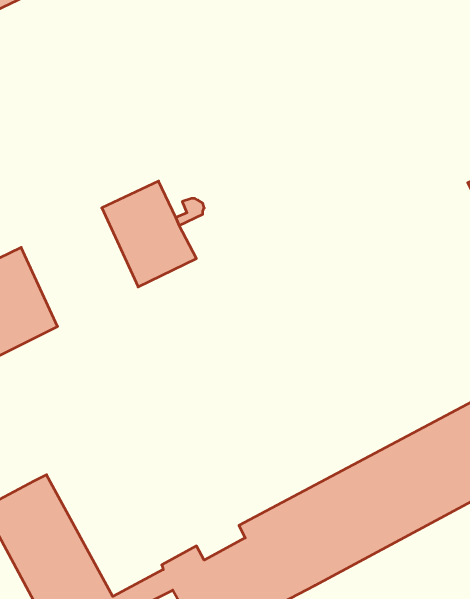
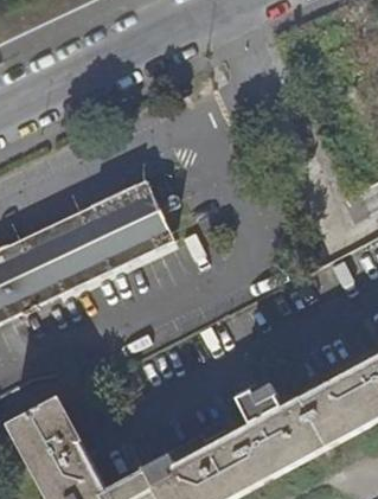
building: none -> [38,199,126,288]

